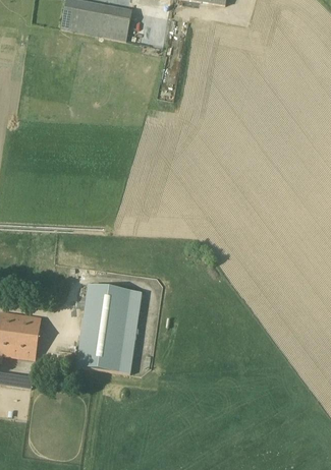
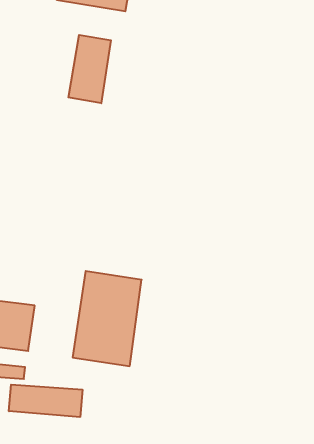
building: none -> [68,35,111,103]
building: none -> [9,385,82,417]

